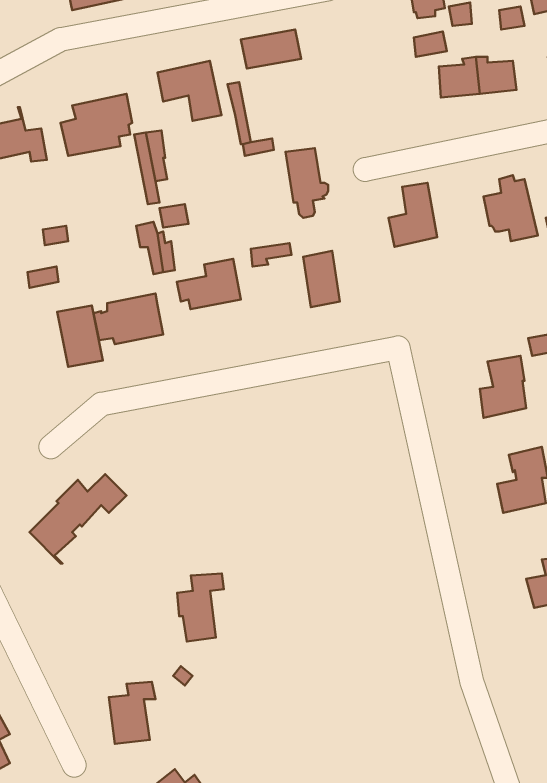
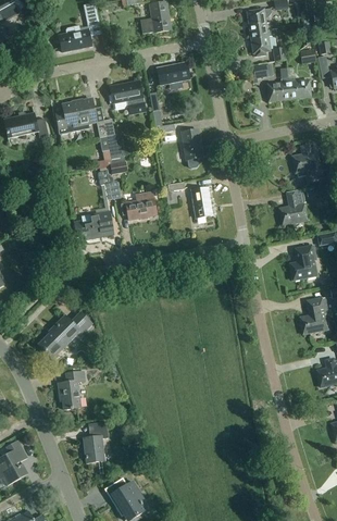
building: [389,183,437,247] -> [279,189,307,225]
building: [57,306,103,367] -> none
building: [177,574,224,641] -> [59,372,85,410]

